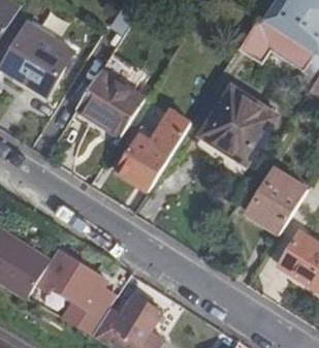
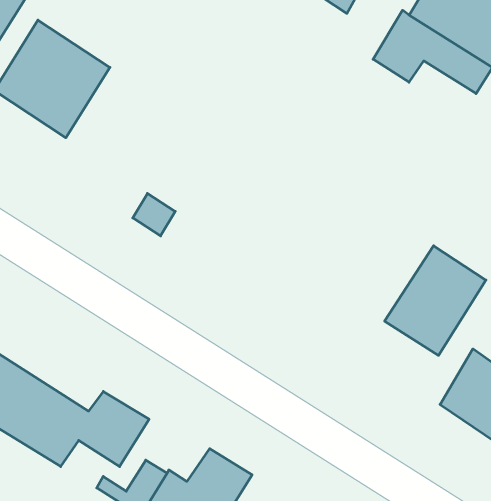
building: [77,70,145,134] -> none
building: [201,88,275,162] -> none
building: [119,108,190,187] -> none

